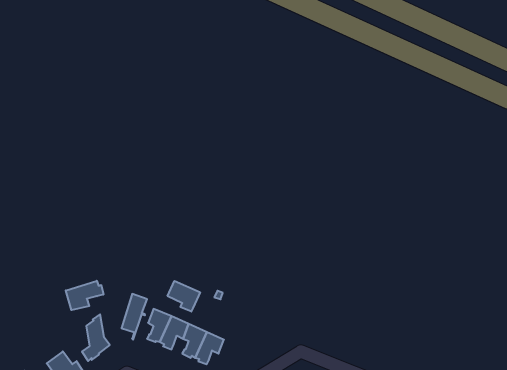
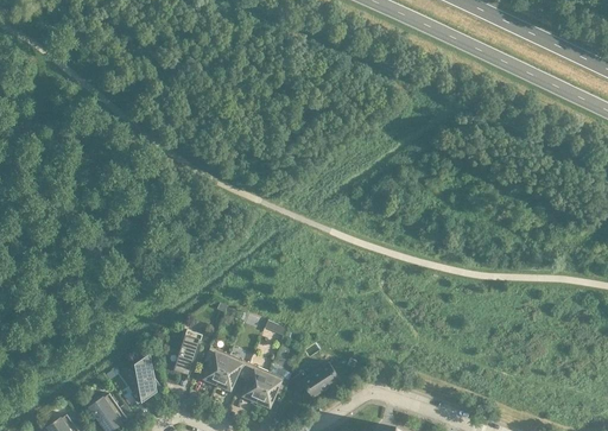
building: [66,281,103,310] -> none
building: [168,281,200,312] -> none
building: none -> [290,363,337,398]

